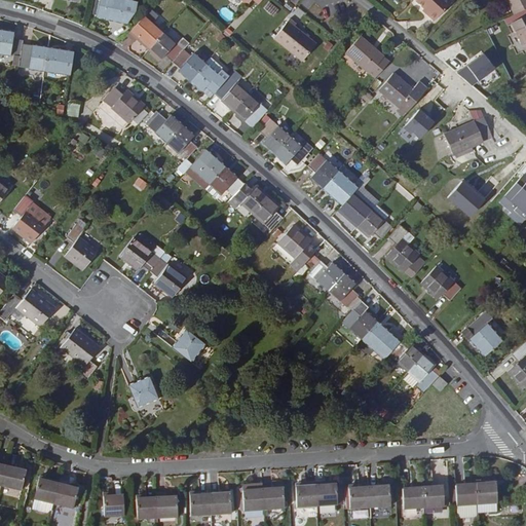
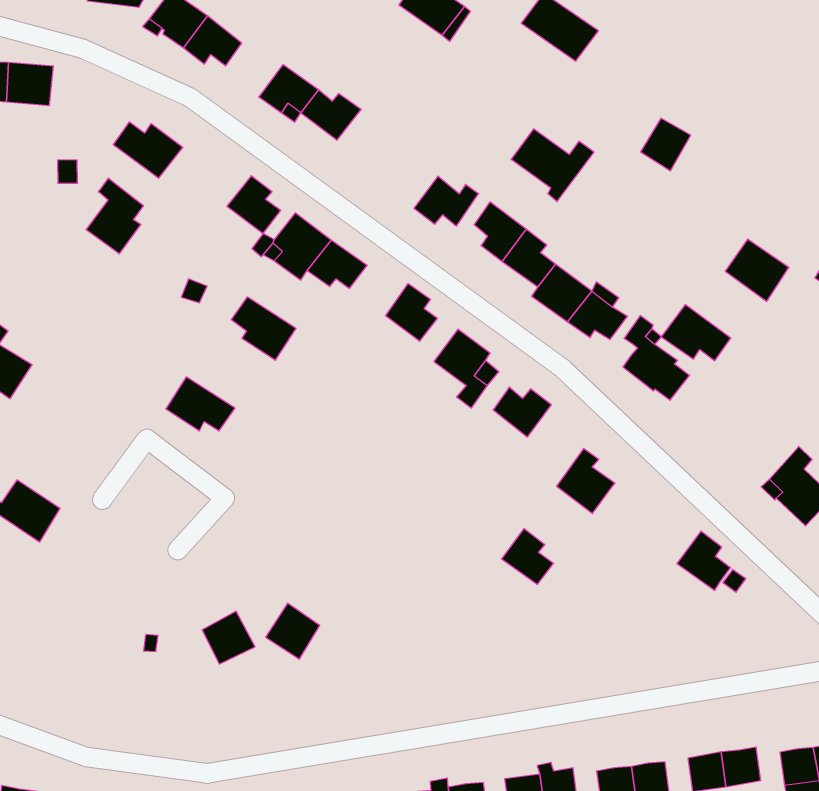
building: [172,48,204,80] -> none
building: [468,57,498,85] -> none
building: [377,70,425,113] -> [511,129,594,202]
building: [232,92,267,125] -> none
building: [147,113,181,142] -> none
building: [258,118,289,152] -> none
building: [443,118,491,152] -> none
building: none -> [86,178,144,254]
building: [228,183,266,213] -> none
building: [65,224,97,270] -> none
building: [150,259,187,297] -> [231,297,296,360]
building: [420,265,460,299] -> [661,305,731,361]
building: [328,272,359,306] -> none
building: [362,321,391,353] -> [502,529,554,584]
building: [174,328,205,361] -> [266,603,320,659]
building: [62,329,100,379] -> none
building: [389,341,423,370] -> none

